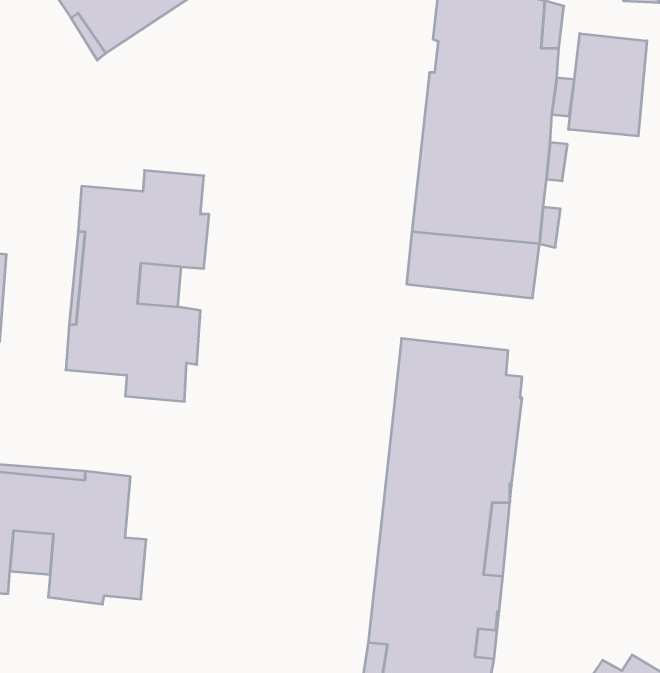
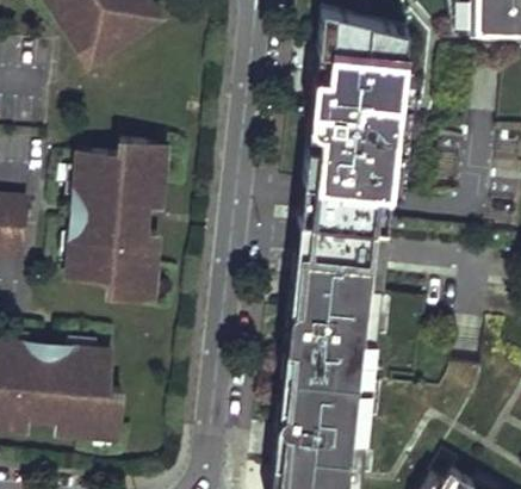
building: [569,33,647,136] -> none
building: none -> [297,219,386,283]

